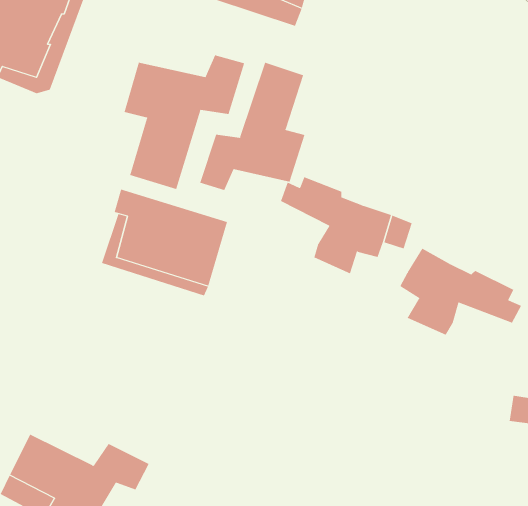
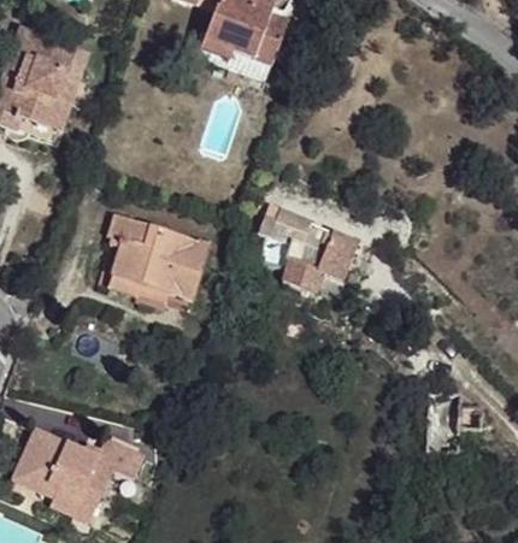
building: [124,54,245,190] -> none
building: [199,62,305,191] -> none
building: [400,248,522,335] -> none

